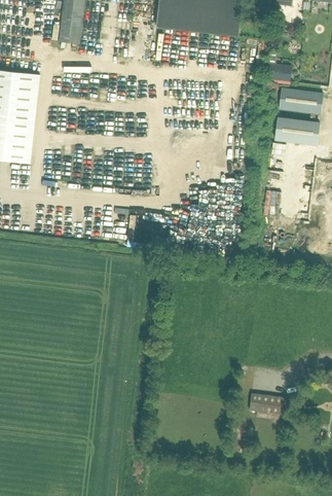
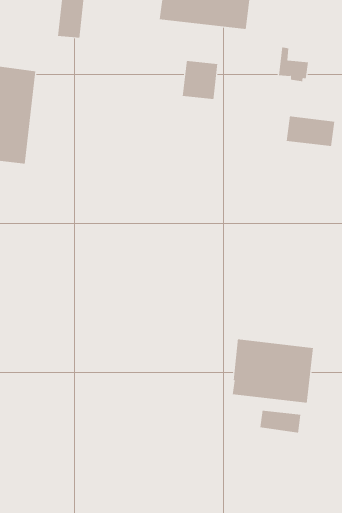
building: none -> [182,60,218,100]
building: [280,87,322,113] -> none
building: none -> [232,338,313,404]

